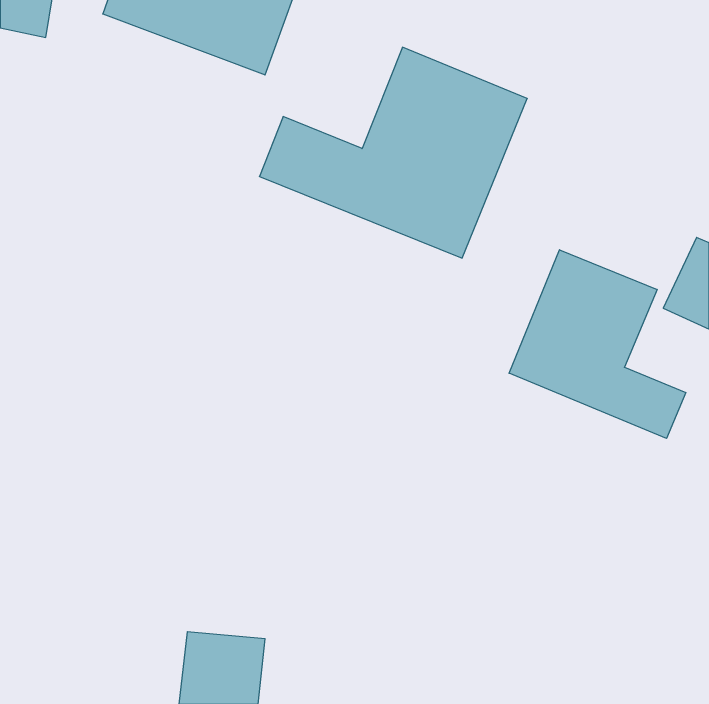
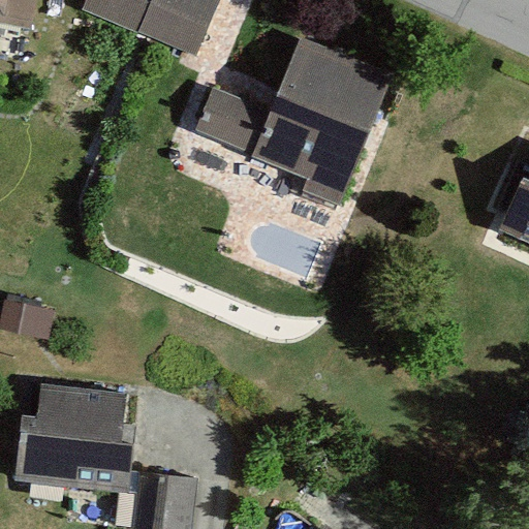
building: [509,250,686,438] -> none
building: none -> [11,386,137,491]

